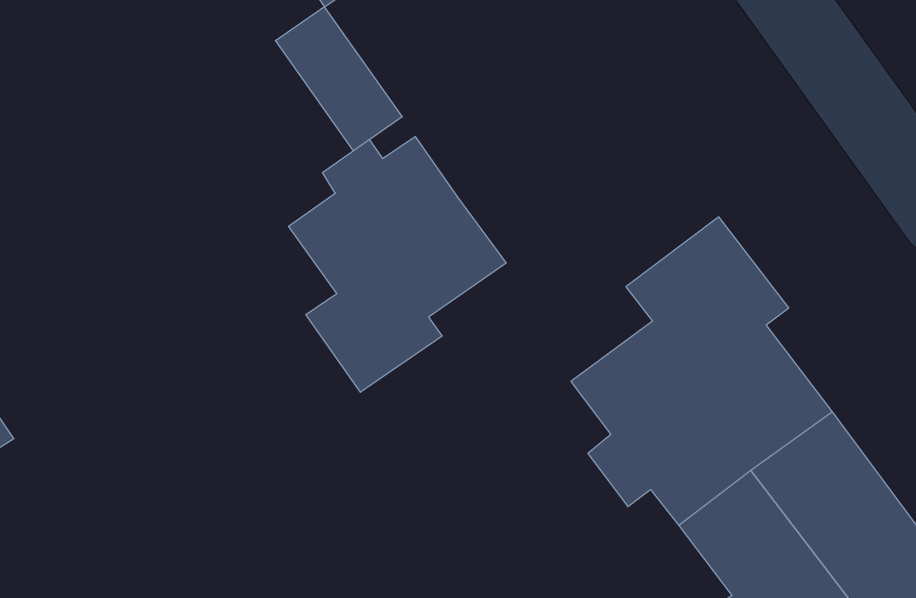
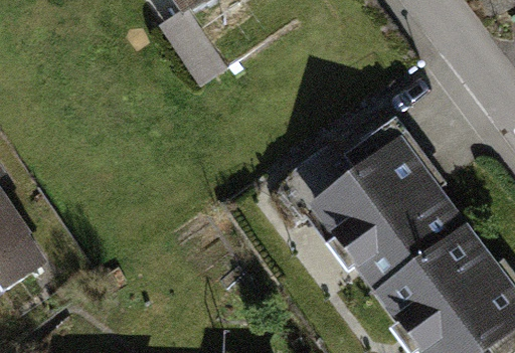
building: [289,137,506,392] -> none

